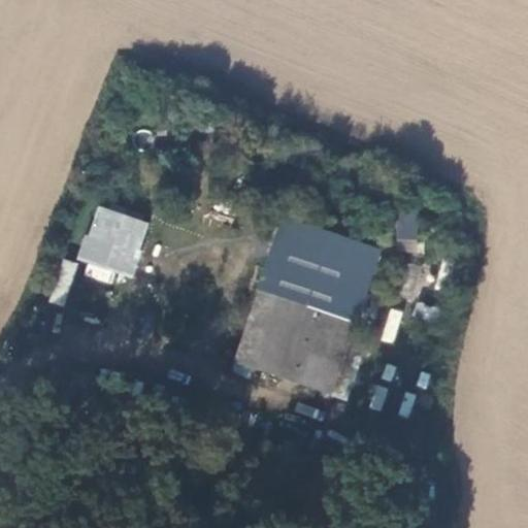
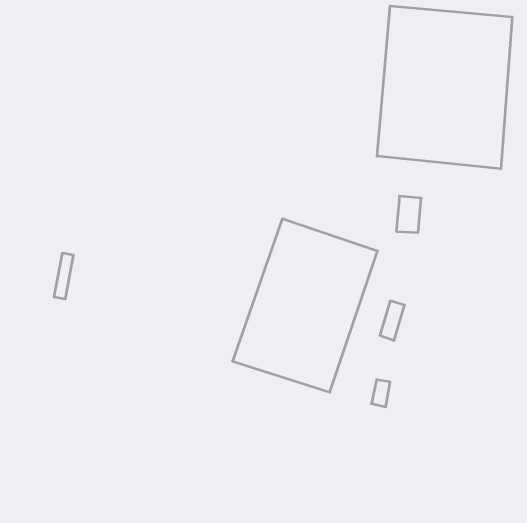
building: none -> [377,6,512,169]
building: [89,209,139,272] -> none

